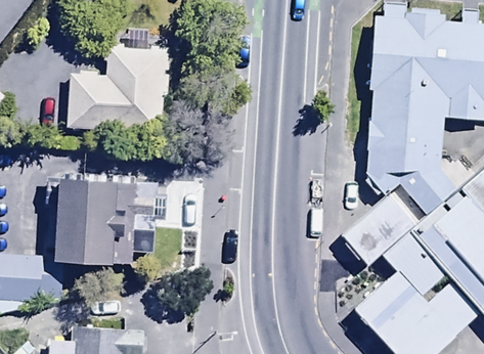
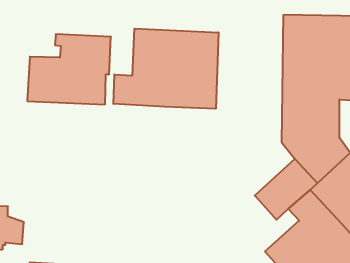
building: none -> [113,29,219,109]
building: [40,158,166,259] -> none

